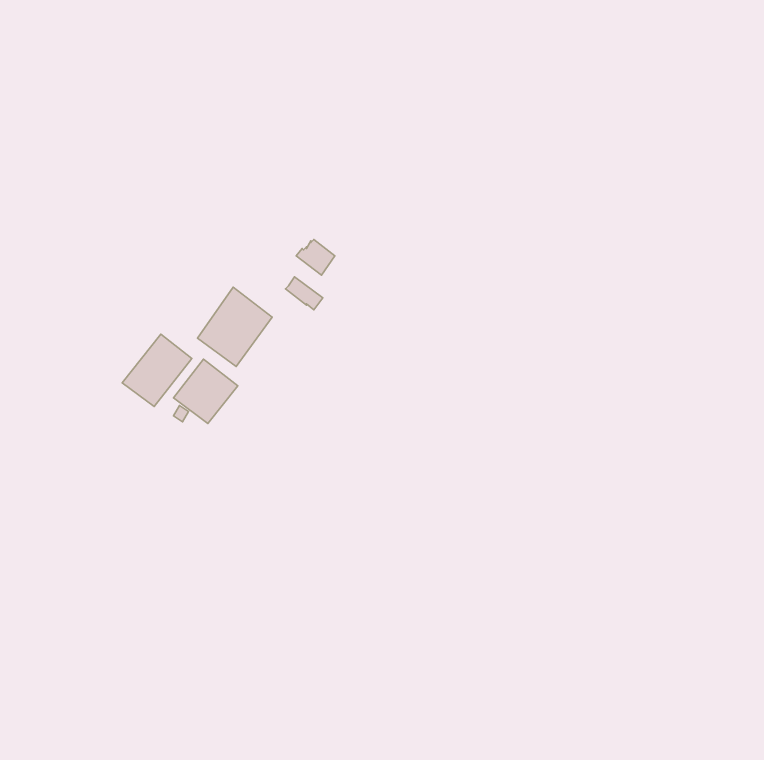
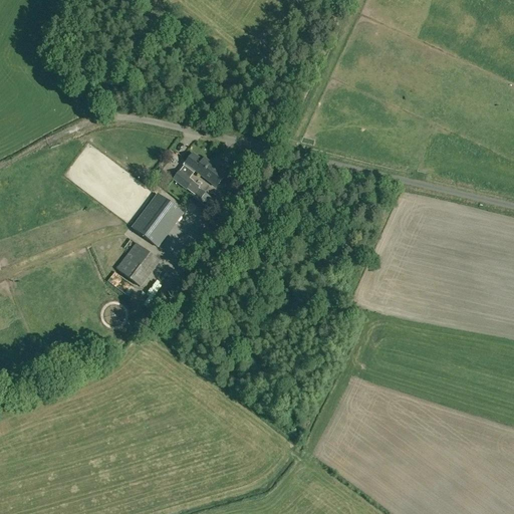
building: none -> [174,151,211,192]
building: [122,334,192,406] -> none

